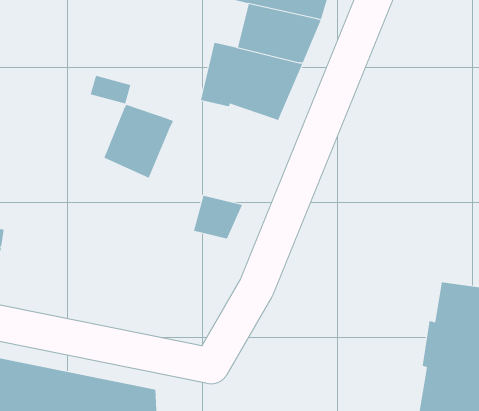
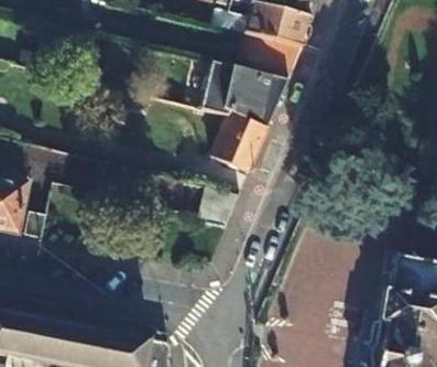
building: [104,104,174,179] -> [209,117,265,176]

